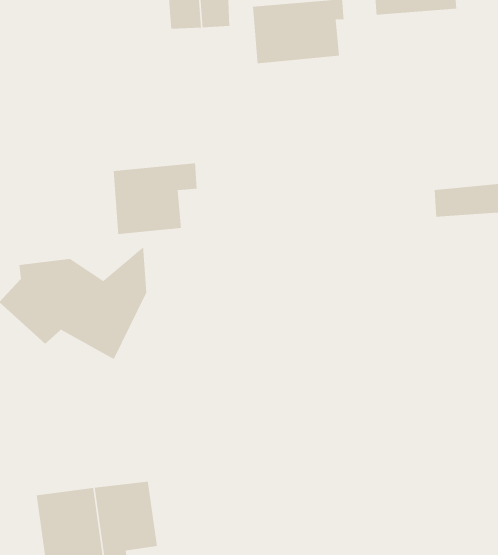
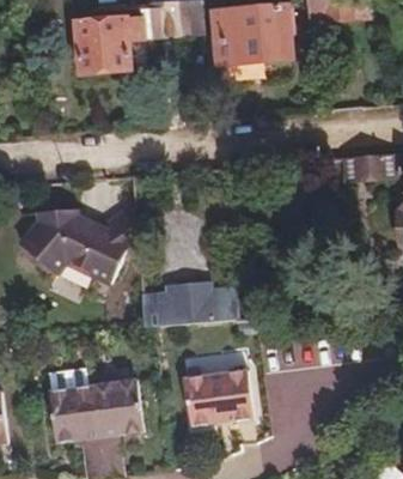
building: [113,163,197,235] -> [77,20,141,75]
building: none -> [139,285,237,327]
building: none -> [183,369,252,424]

